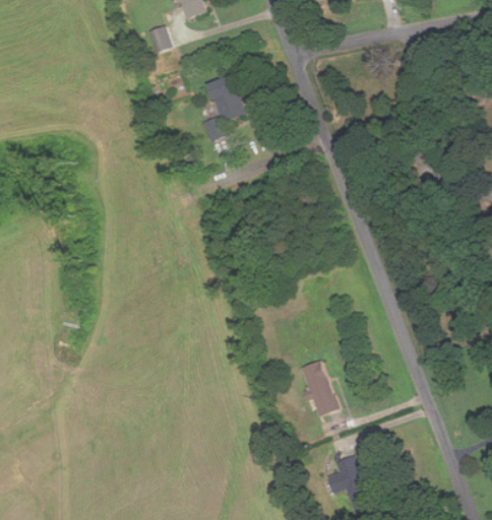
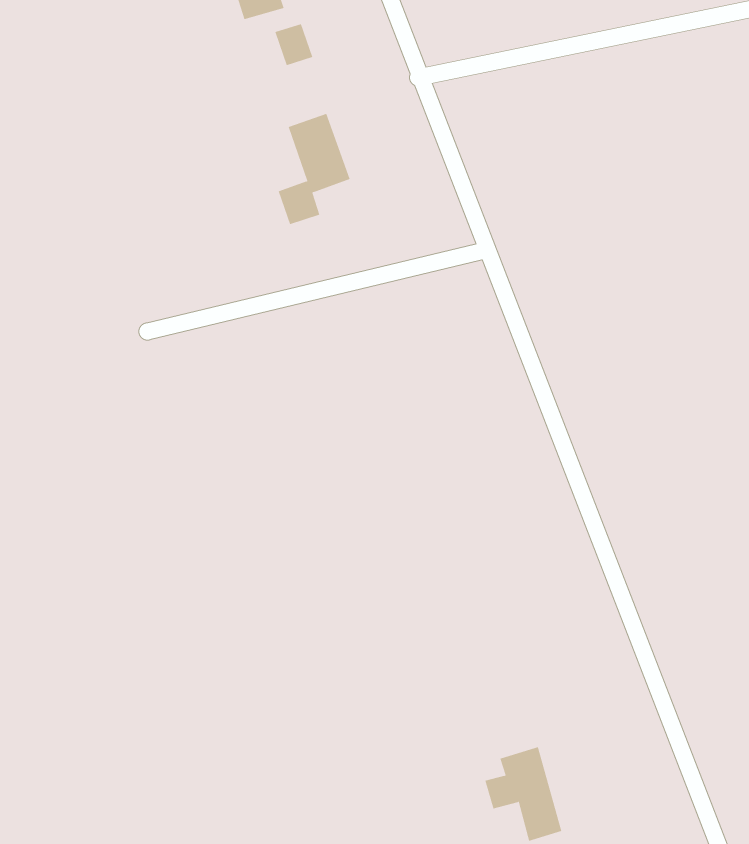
building: [148,25,172,51] -> [274,23,313,66]
building: [299,359,337,415] -> none

